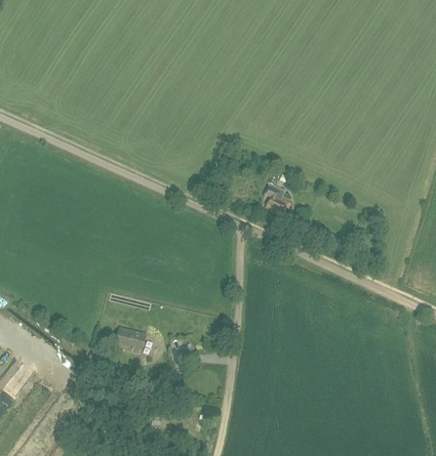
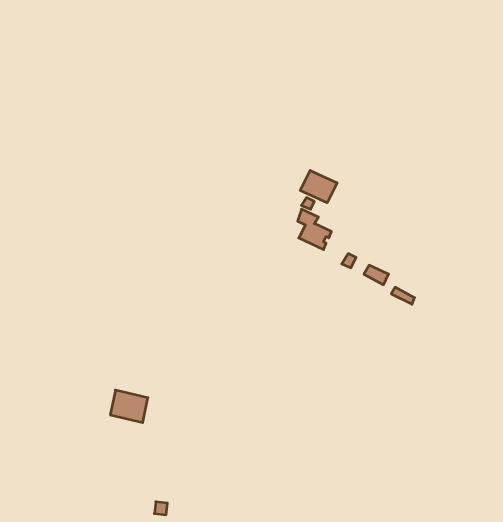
building: none -> [300,170,337,203]

